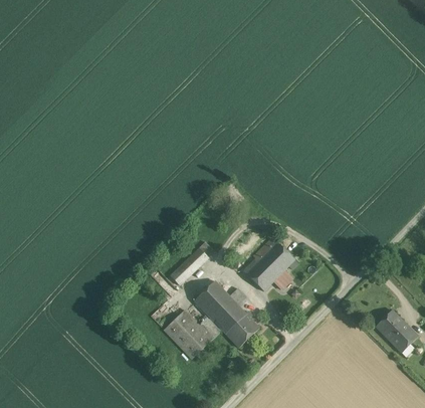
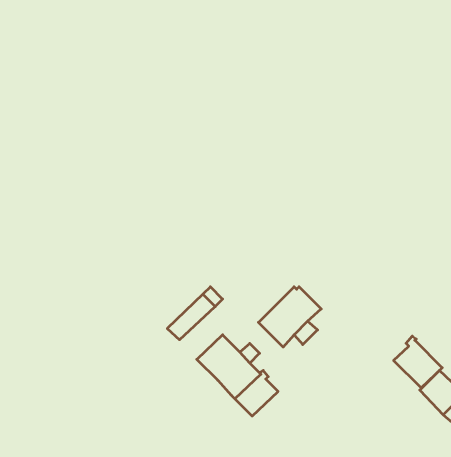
building: none -> [394,336,442,388]
building: [163,311,221,359] -> none

